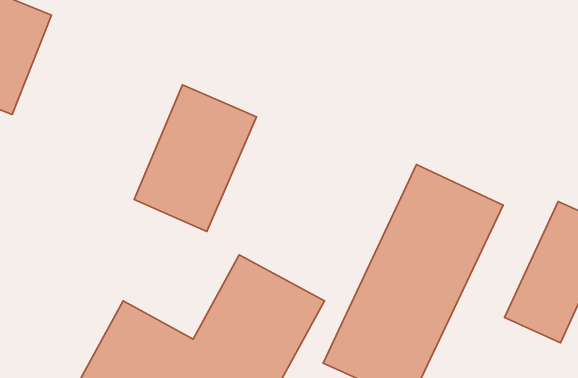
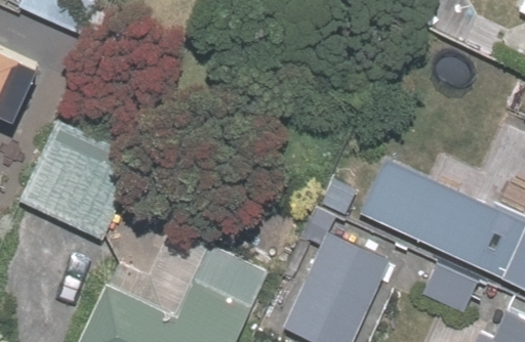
building: [134,85,257,231] -> [18,110,117,227]

